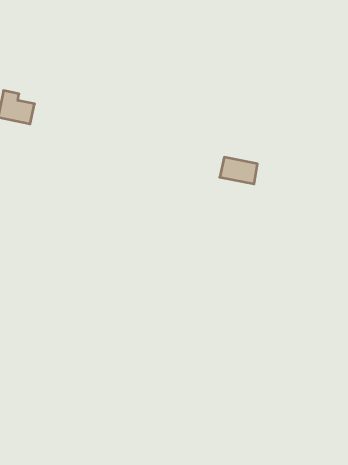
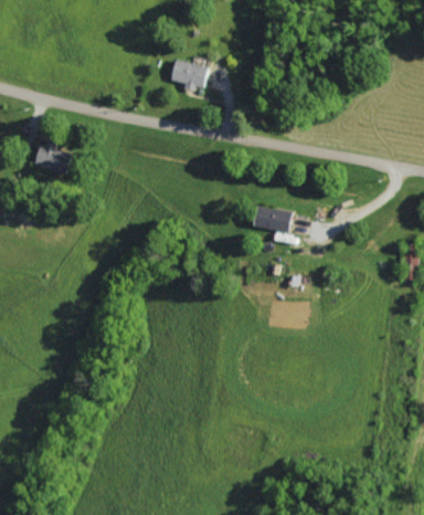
building: none -> [169,57,211,91]

